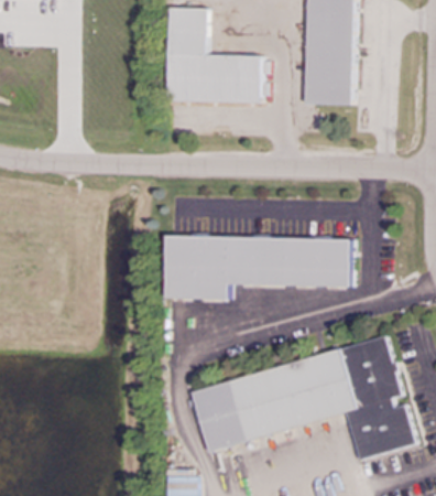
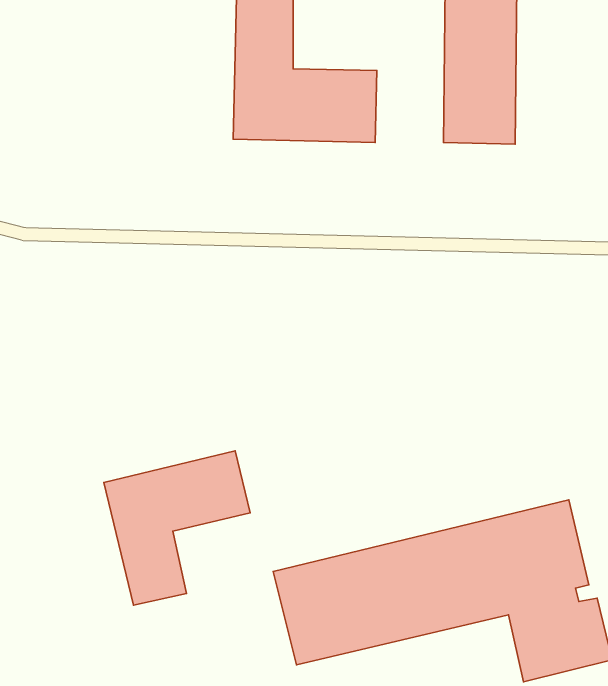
building: [166,235,352,299] -> none
building: none -> [104,451,250,605]

